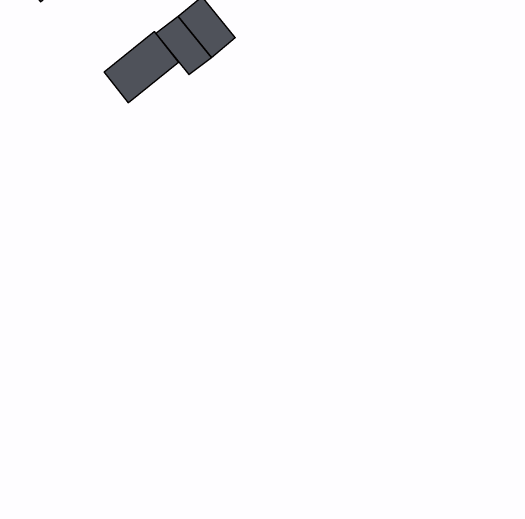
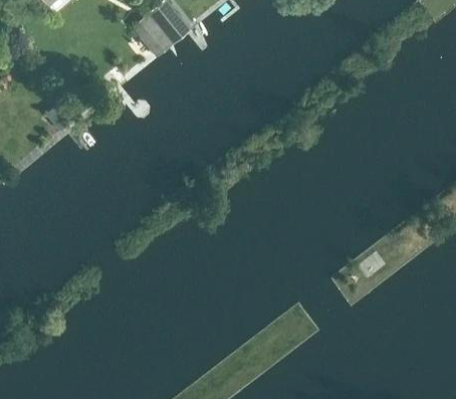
building: [104,32,178,103] -> none

